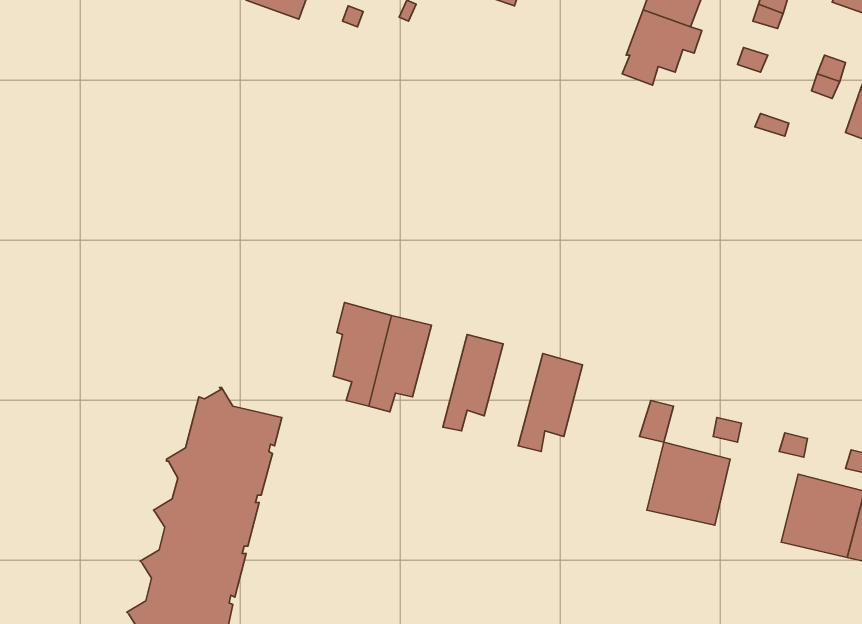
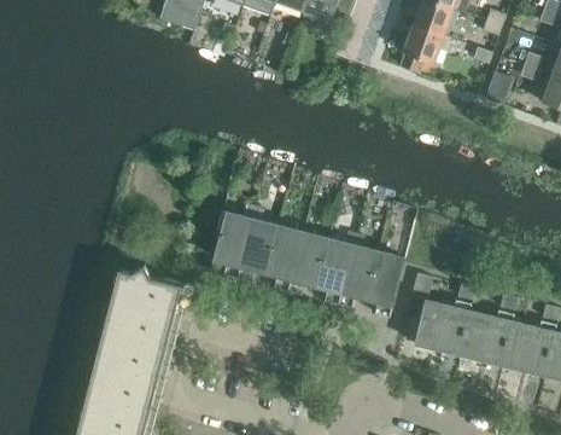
building: none -> [265,225,300,290]
building: none -> [311,237,349,302]
building: none -> [362,250,404,317]
building: none -> [458,311,512,364]

